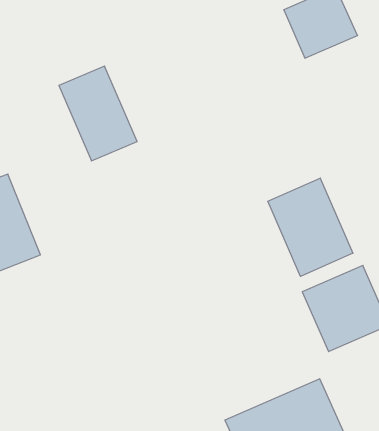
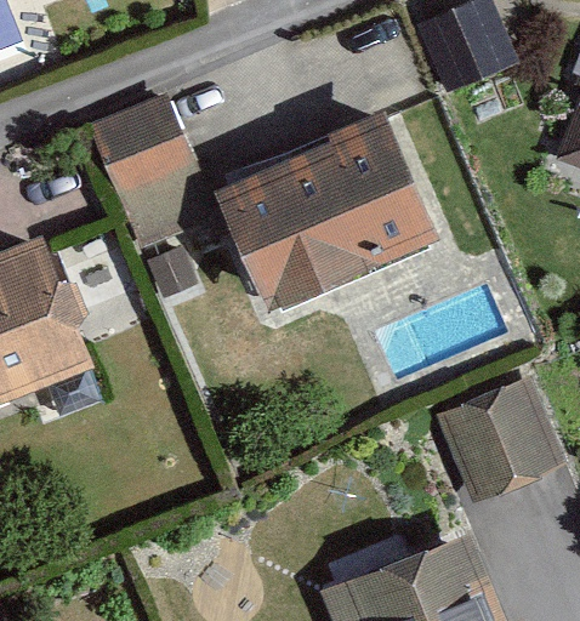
building: none -> [234,114,432,291]
building: [268,178,353,276] -> none

